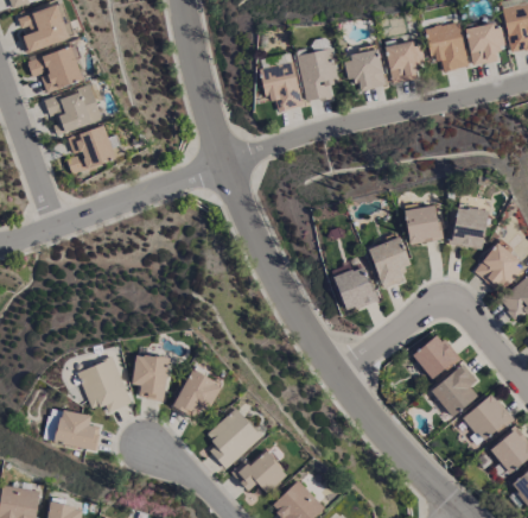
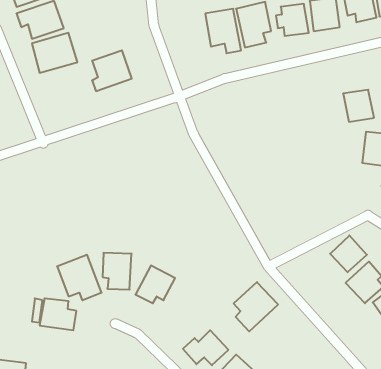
building: [68,124,116,173] -> [92,50,132,91]
building: [403,204,441,244] -> [343,90,374,122]
building: [368,235,411,284] -> none
building: [335,266,374,308] -> none
building: [208,408,262,468] -> [234,282,278,331]

